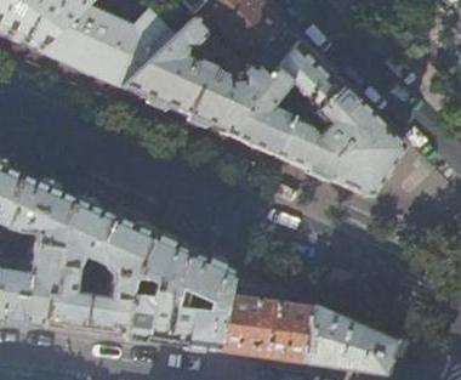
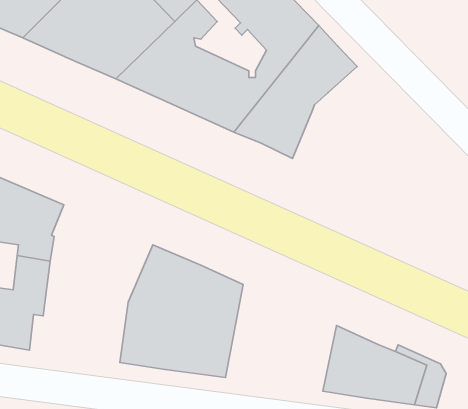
building: [273,75,402,198] -> none
building: [40,198,149,338] -> none
building: [214,268,312,363] -> none

